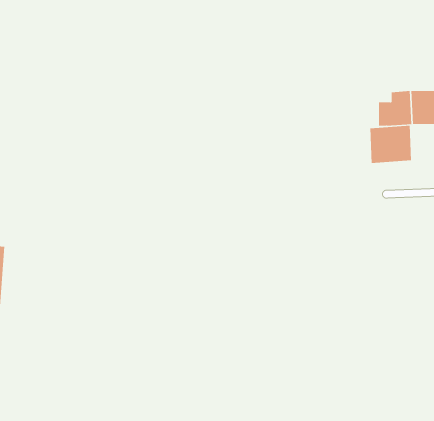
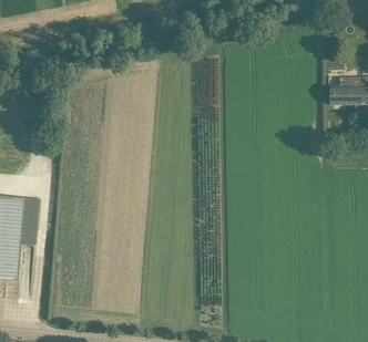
building: [370,125,412,164] -> none

